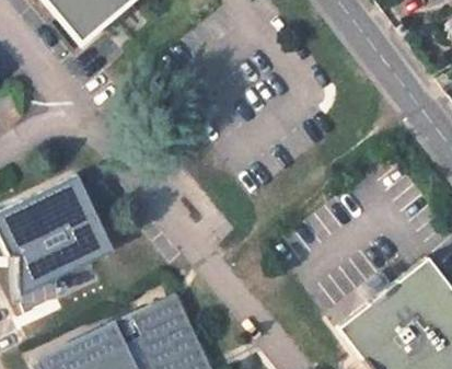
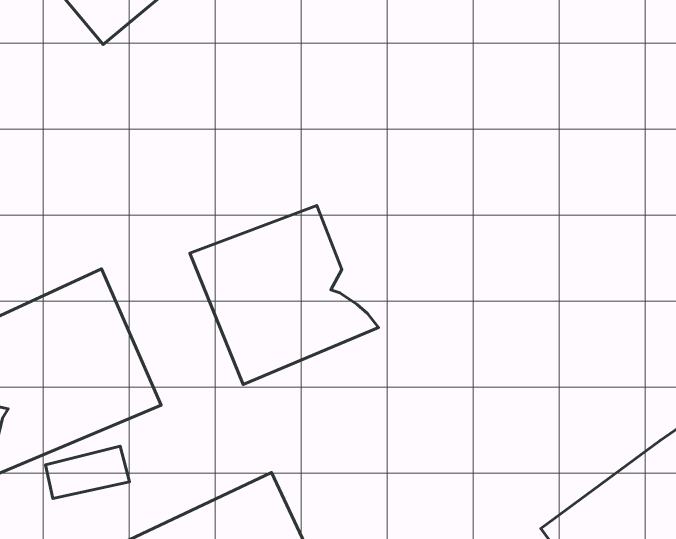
building: none -> [190,206,378,384]

